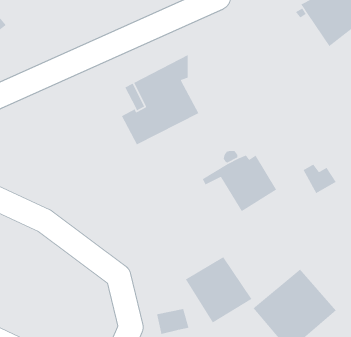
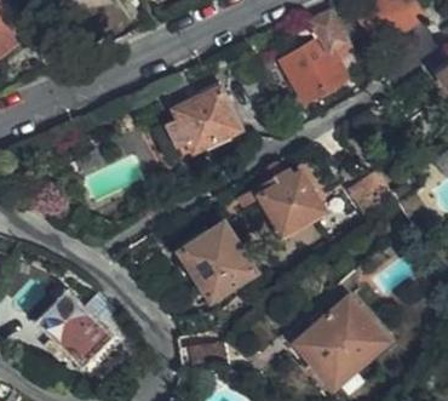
building: none -> [283,12,346,101]
building: [185,256,252,324] -> [182,224,255,298]
building: none -> [36,288,113,366]

